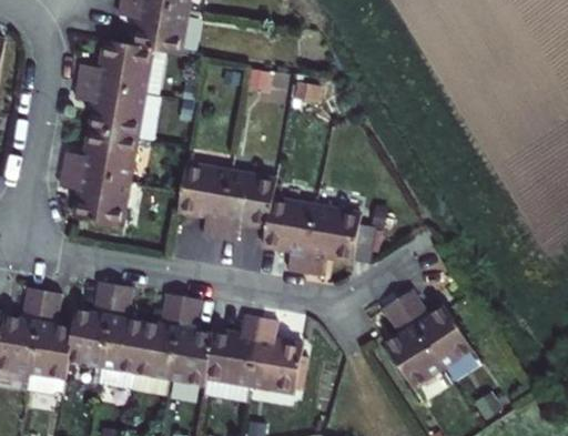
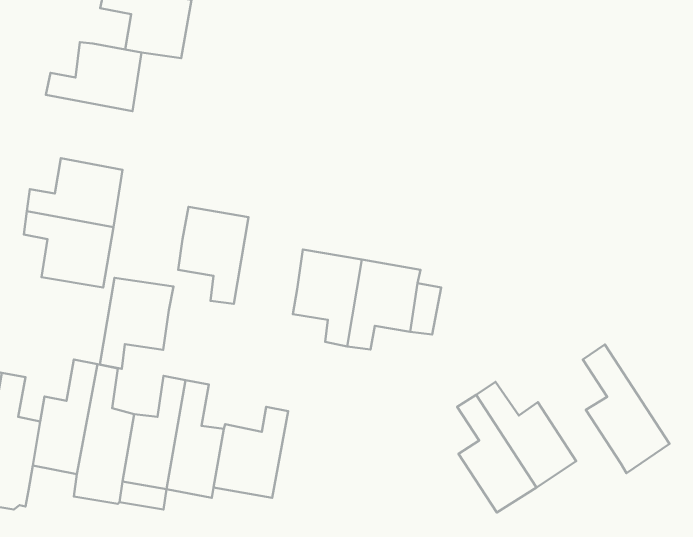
building: [75,81,143,138] -> none
building: [220,173,275,242] -> [100,278,173,369]
building: none -> [583,345,670,473]
building: [248,320,302,393] -> none

